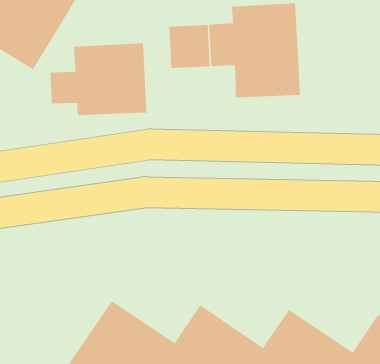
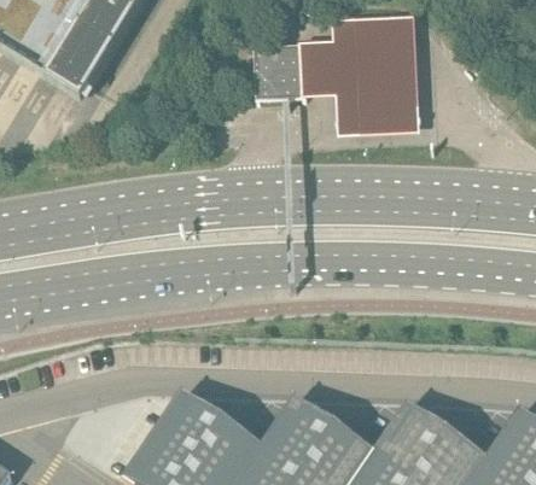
building: [50,42,147,116] -> none

